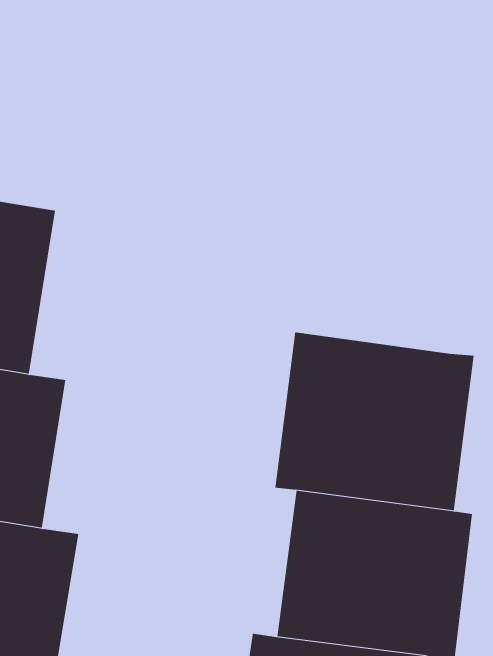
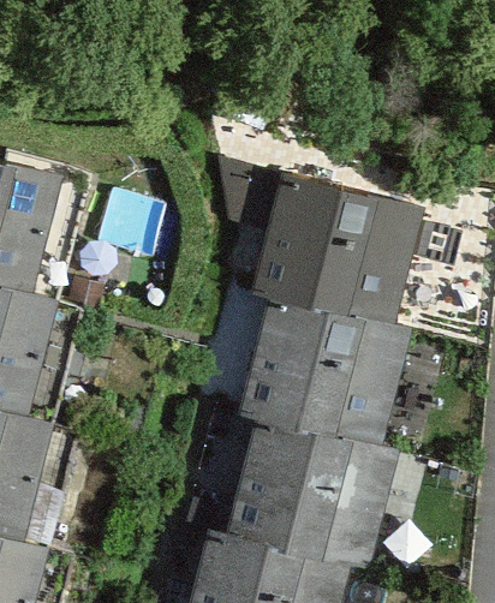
building: none -> [250,178,415,326]

